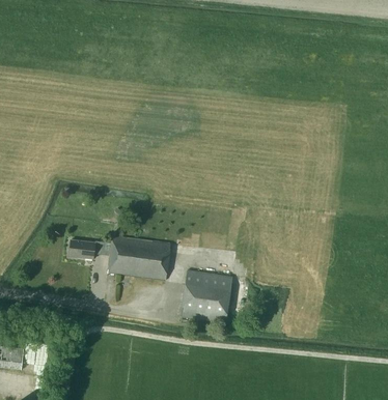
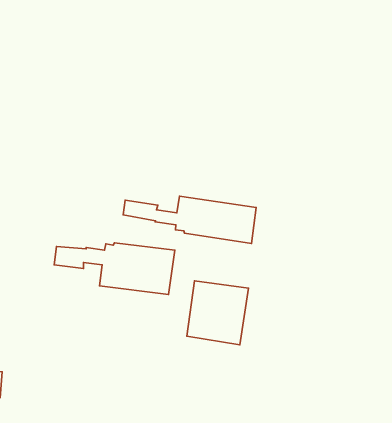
building: none -> [123,196,256,243]

